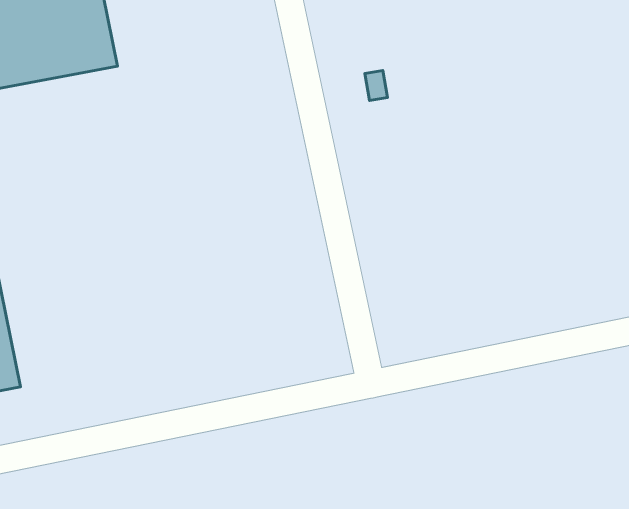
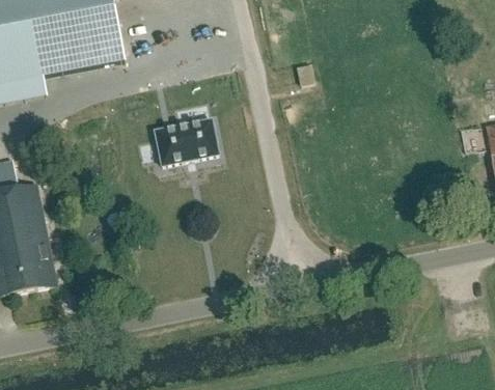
building: none -> [155,119,219,166]

